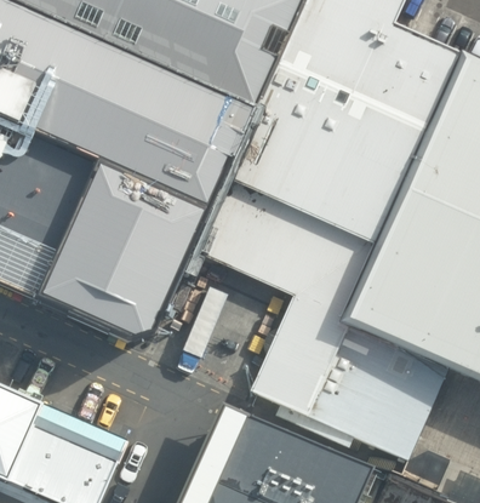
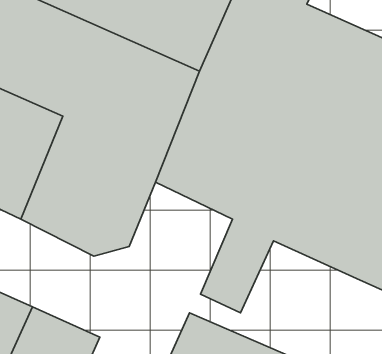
building: [303,321,447,457] -> none

